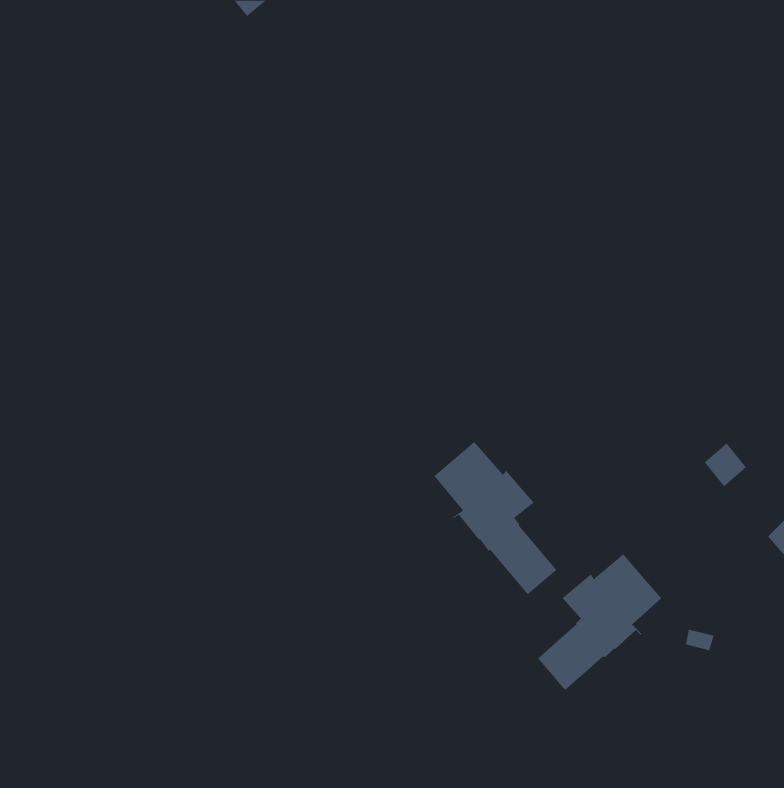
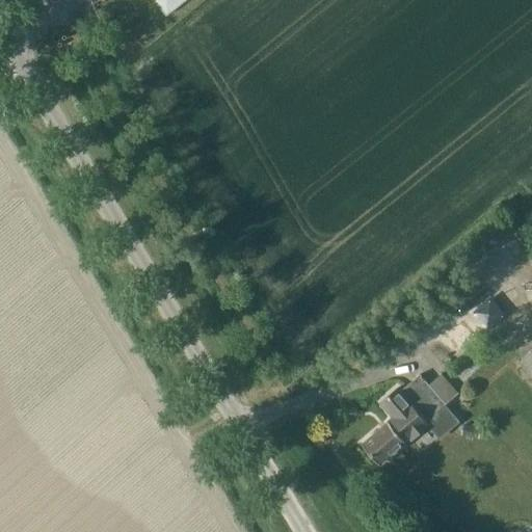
building: [434,441,557,595] -> none

